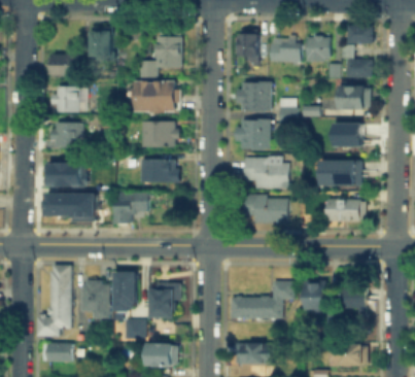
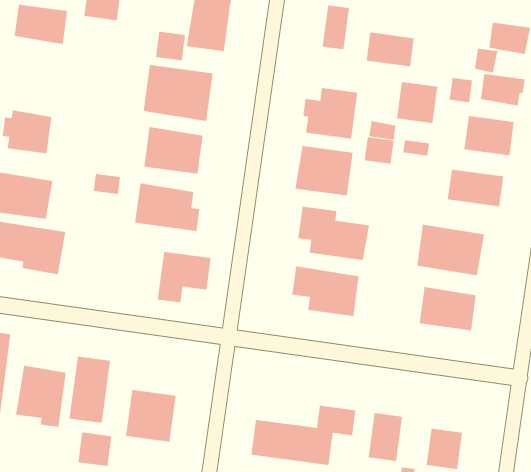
building: [305,38,328,62] -> [396,81,438,123]
building: [50,87,79,112] -> none
building: [115,193,146,224] -> [157,251,212,303]

